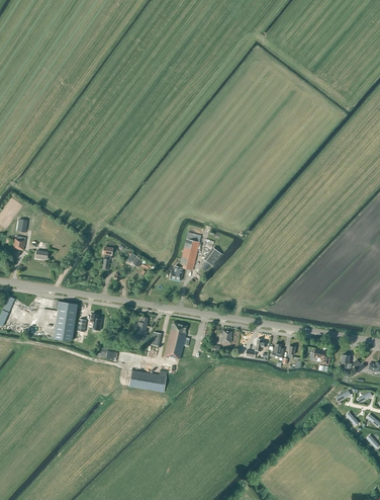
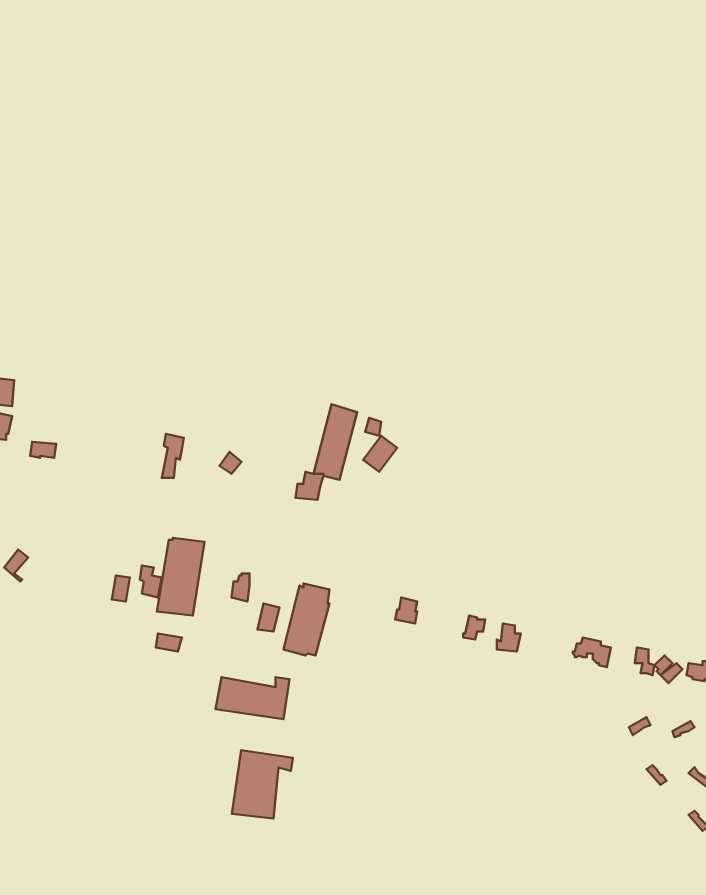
building: [54,302,78,341] -> [157,538,205,616]
building: none -> [232,750,293,819]

